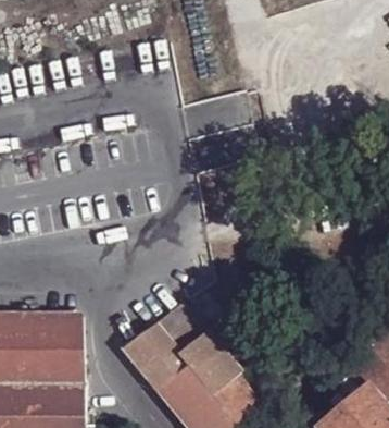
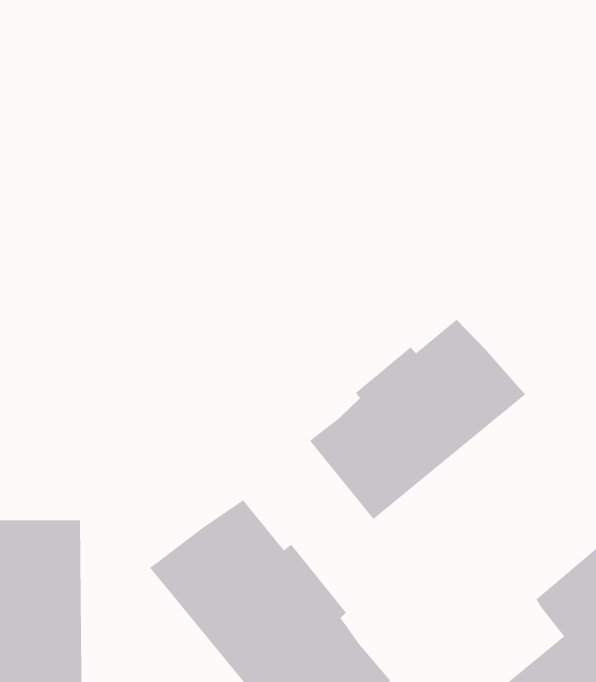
building: none -> [309,319,526,520]

